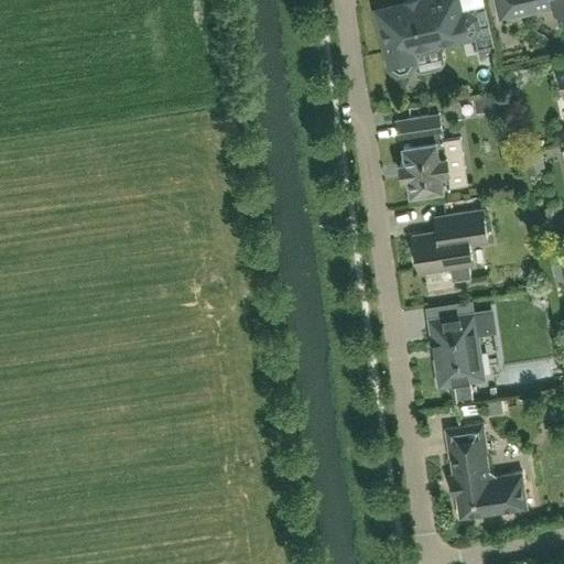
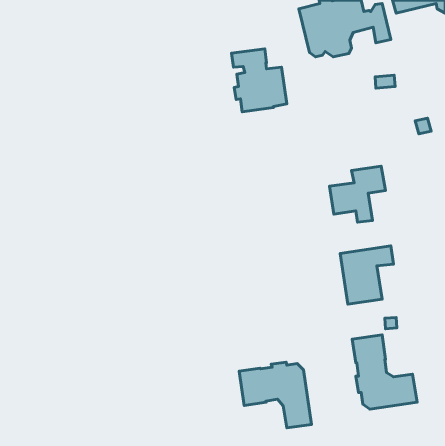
building: [395,115,465,194] -> [232,49,287,112]
building: none -> [239,362,312,428]

